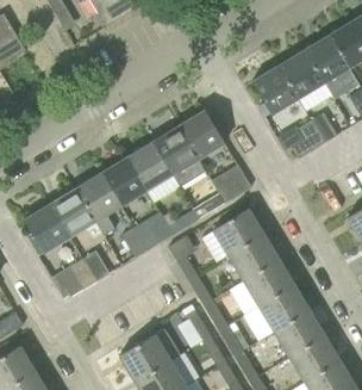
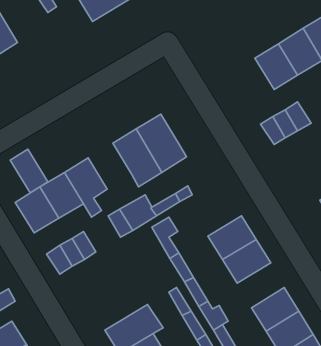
building: [252,67,299,116] -> none
building: [179,111,225,160] -> none
building: [101,157,148,206] -> none
building: none -> [10,149,48,193]
building: [212,166,252,204] -> none
building: [202,209,264,264] -> none
building: [260,285,310,333] -> none

